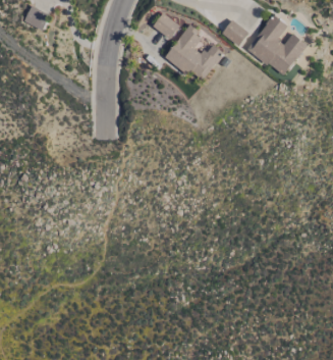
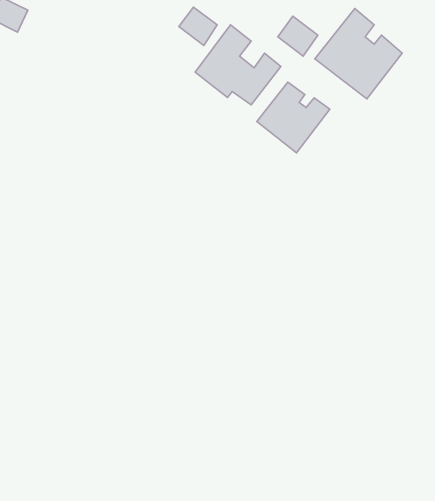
building: none -> [257,82,330,153]

